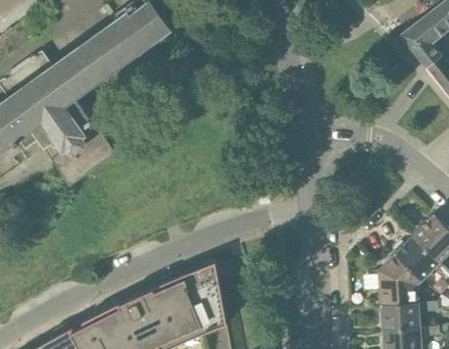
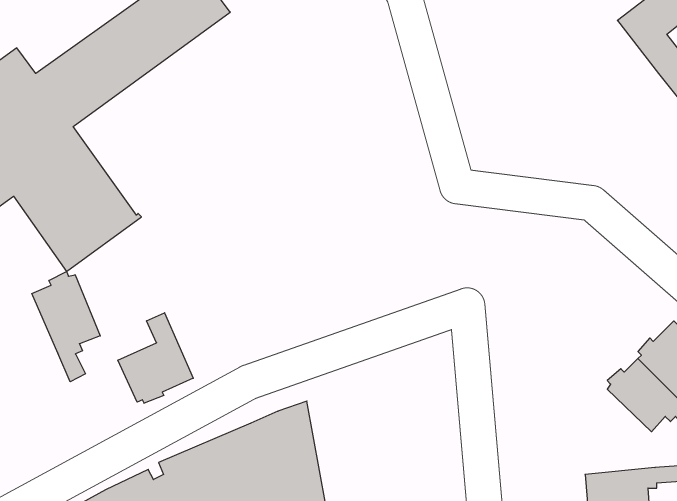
building: none -> [32,271,100,382]
building: none -> [118,313,193,403]
building: [380,256,423,307] -> none

